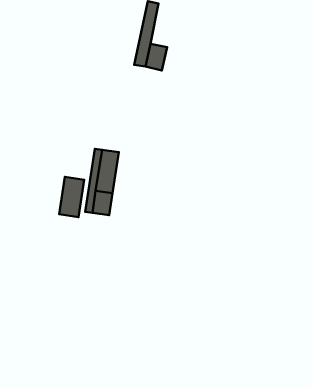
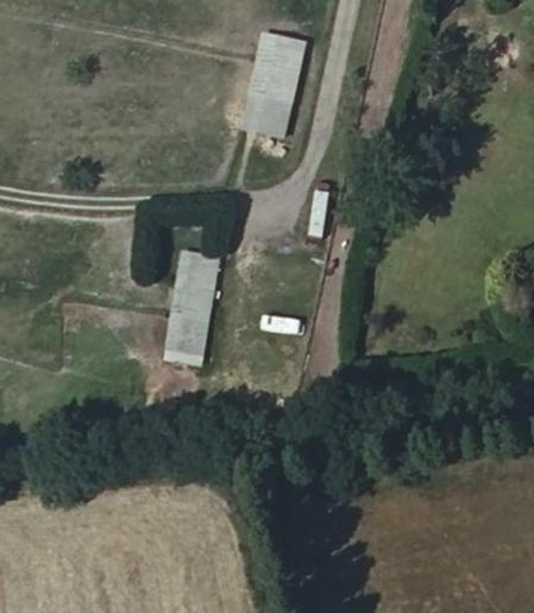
building: none -> [261,41,298,105]
building: [59,177,84,217] -> none

